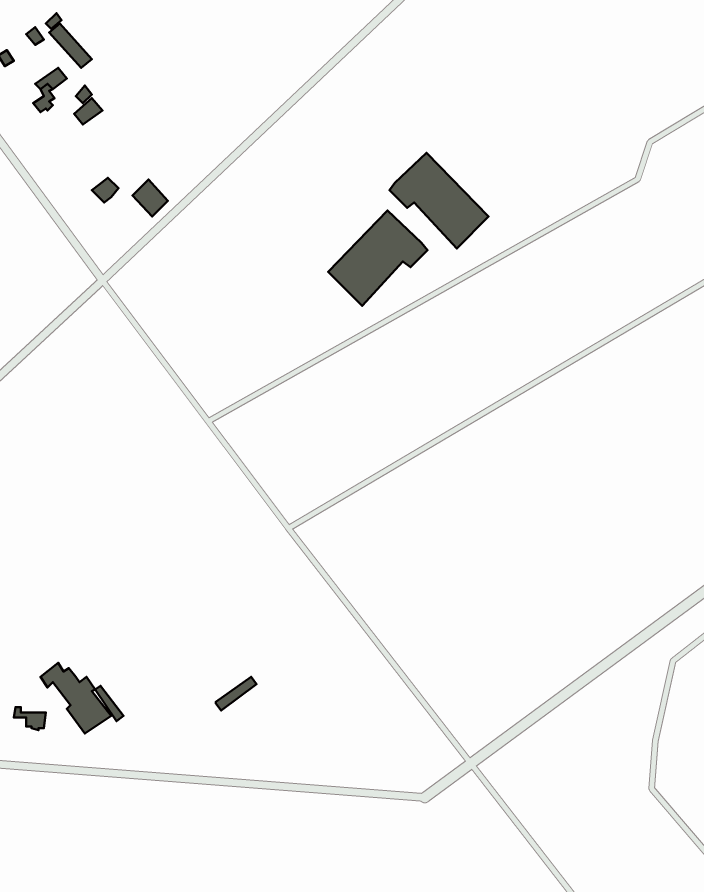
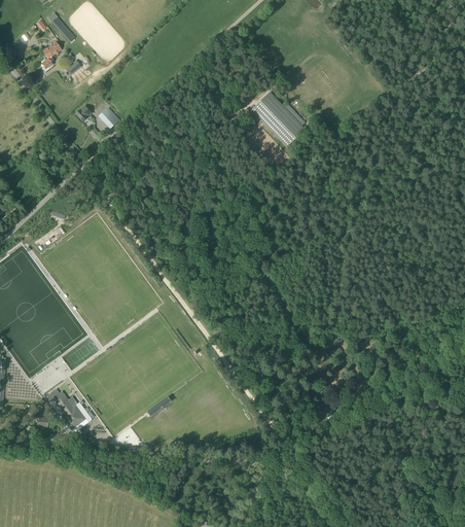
building: [328,210,427,306] -> none

